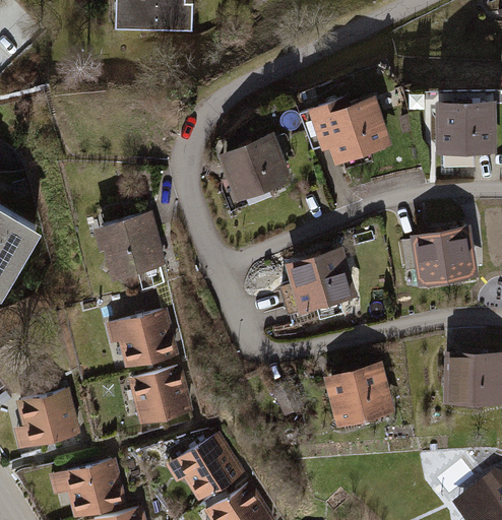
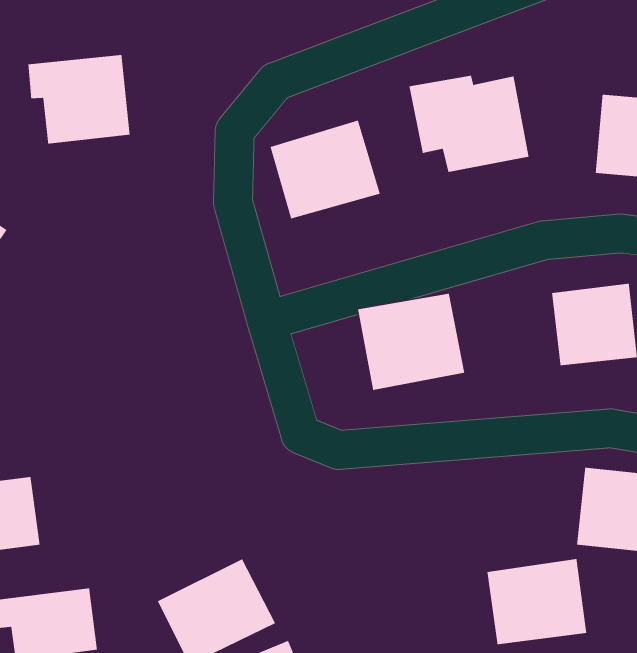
building: [90,213,164,278] -> [27,54,130,145]
building: [109,311,181,368] -> none
building: [322,364,393,427] -> [486,558,587,645]
building: [127,368,194,427] -> none

